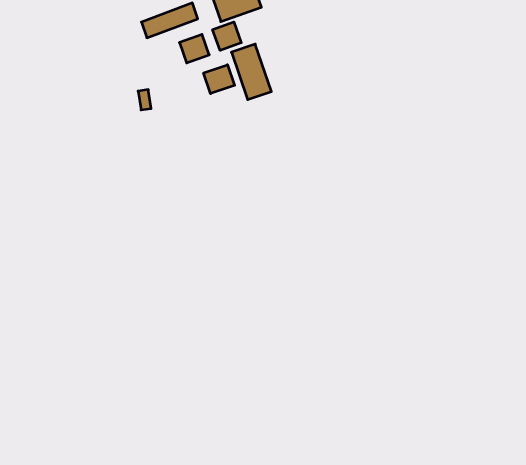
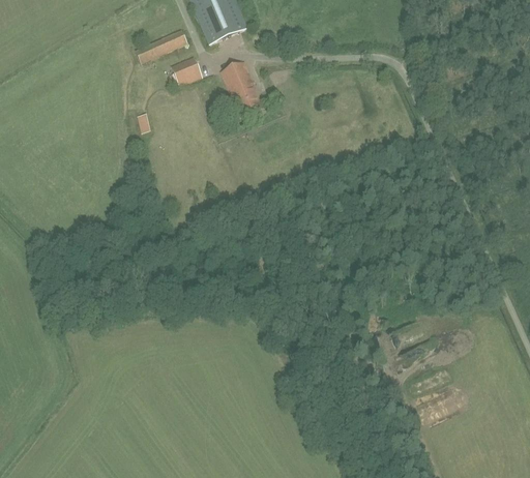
building: [213,22,241,50] -> none
building: [204,65,235,94] -> none

